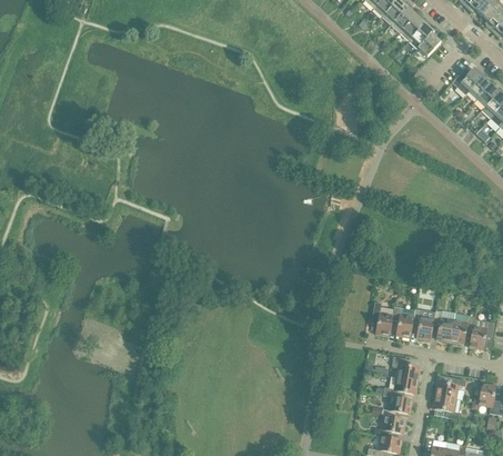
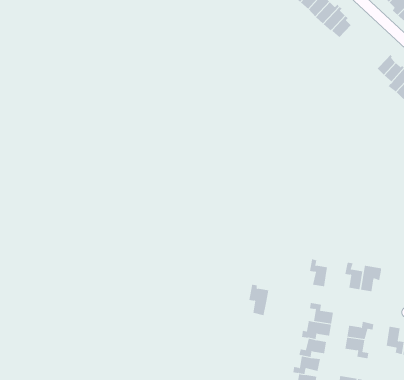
building: [452,68,485,96] -> none
building: [372,301,395,337] -> [249,284,269,316]
building: [413,309,435,340] -> none
building: [470,319,495,349] -> none

